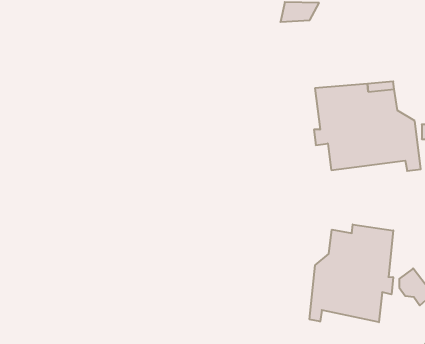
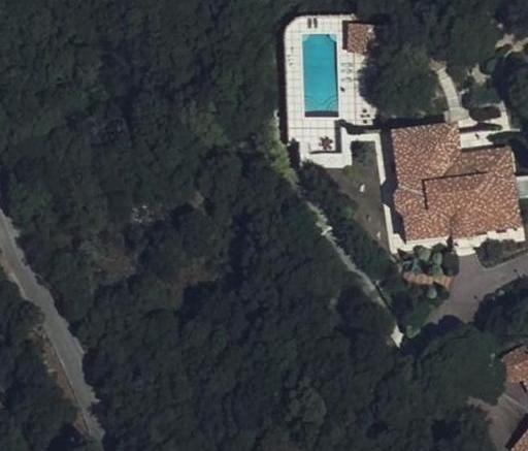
building: [310,224,393,322] -> none

